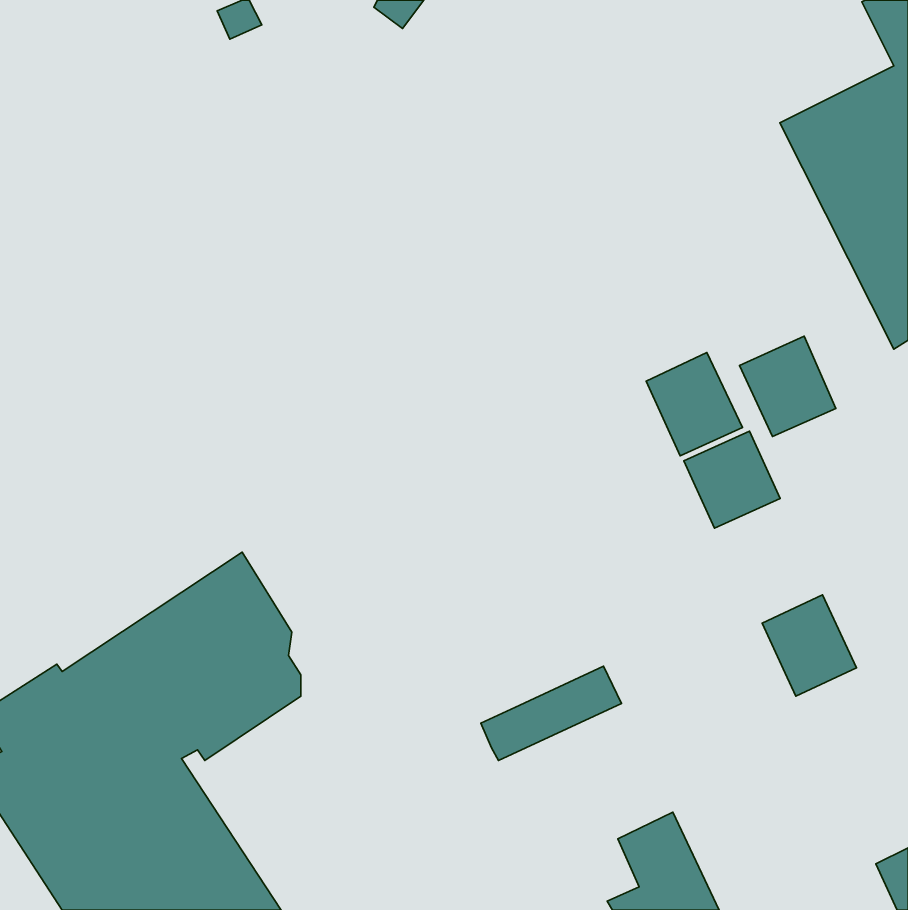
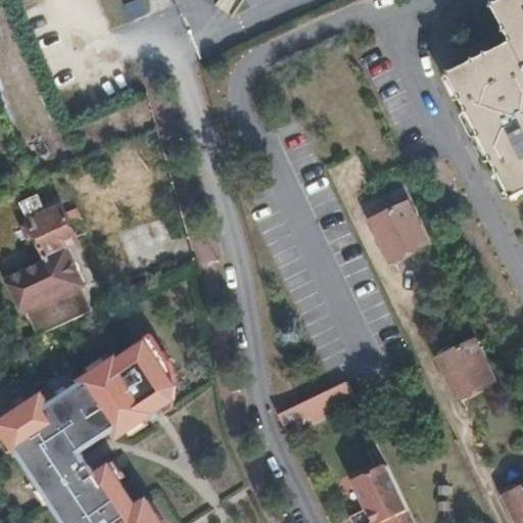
building: [740,336,836,437] -> none
building: none -> [7,196,93,339]
building: [684,431,780,528] -> none

